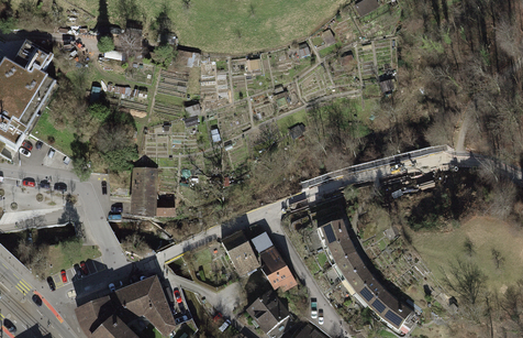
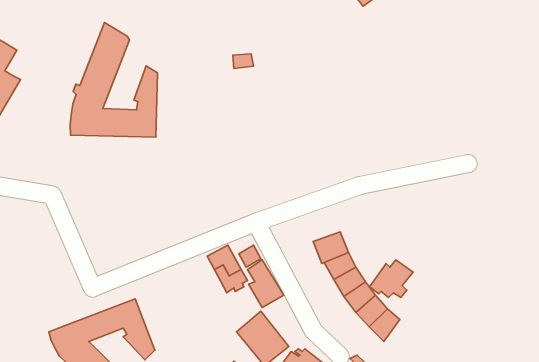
building: none -> [70,22,157,137]
building: [133,168,175,215] -> none
building: [380,295,420,329] -> [369,260,413,298]

